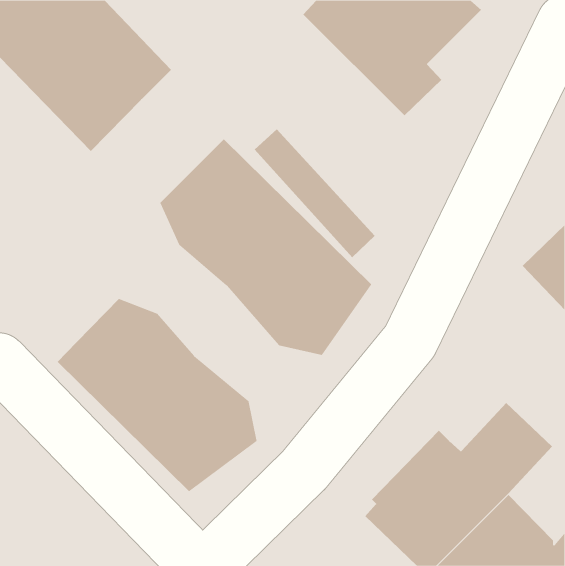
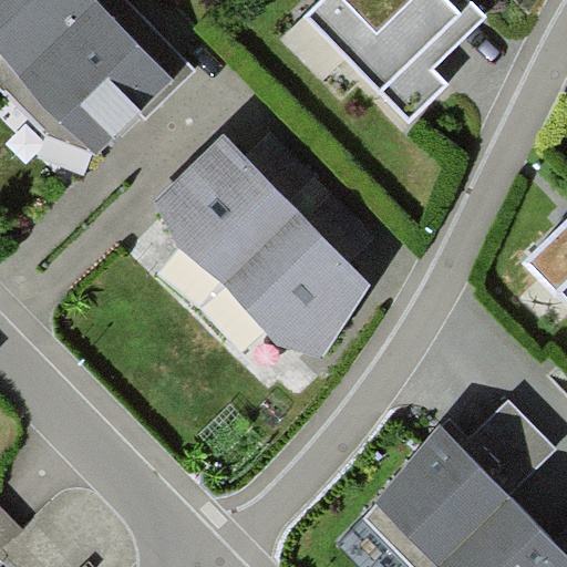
building: [57,298,257,492] -> none

